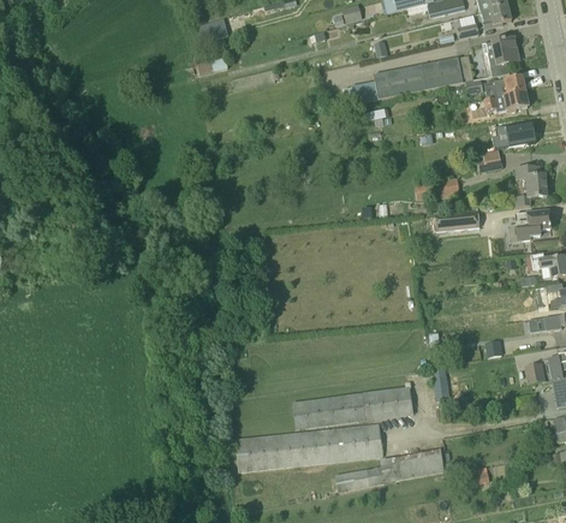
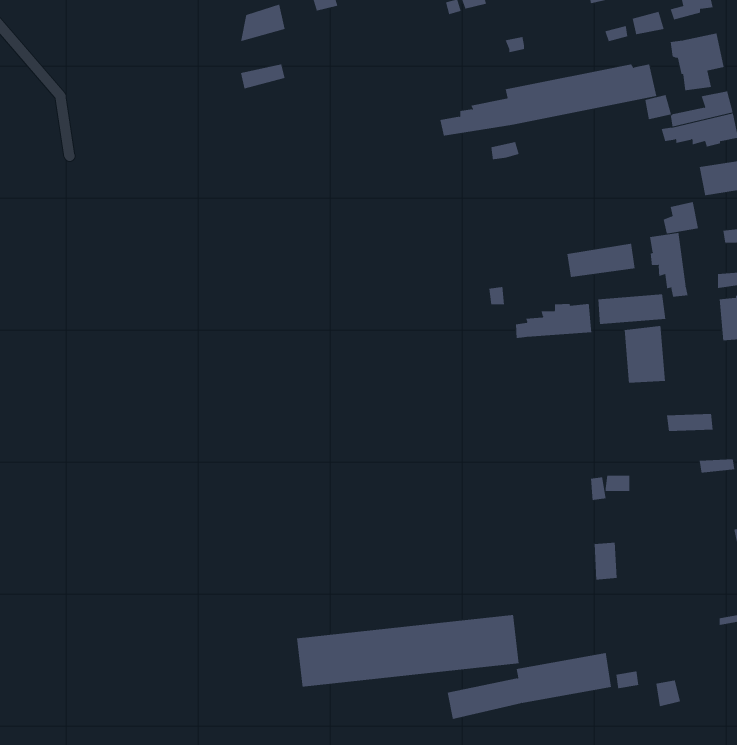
building: none -> [649,232,688,297]
building: none -> [516,303,592,339]
building: none -> [624,325,666,383]
building: [293,381,415,429] -> none

